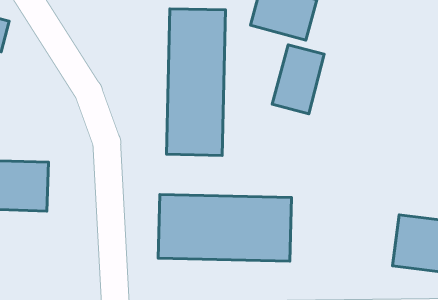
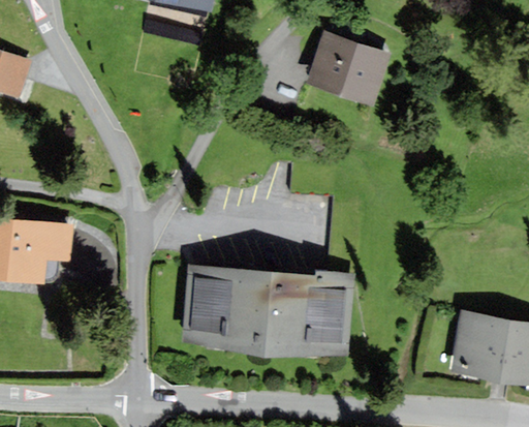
building: [166,9,225,155] -> none
building: [272,45,324,114] -> none

